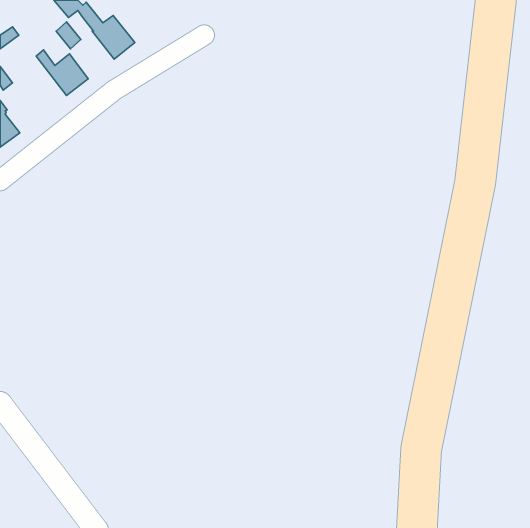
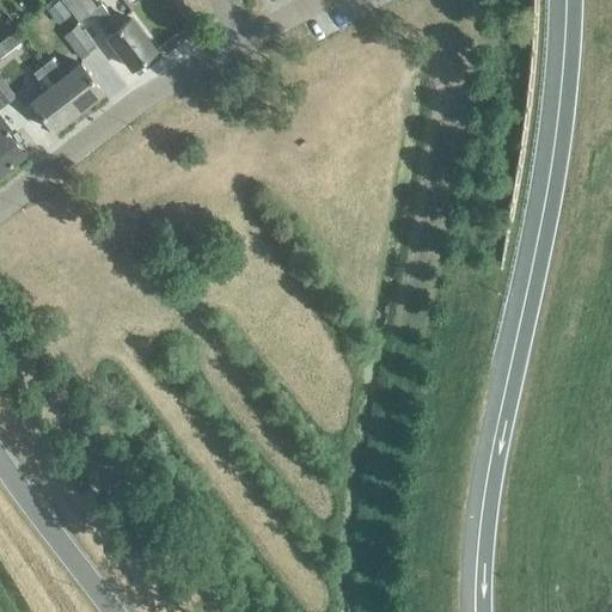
building: none -> [30,67,76,133]

